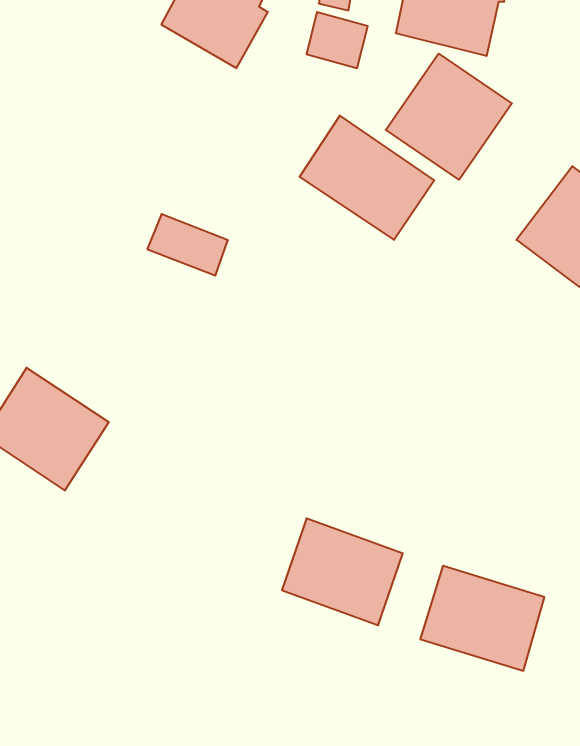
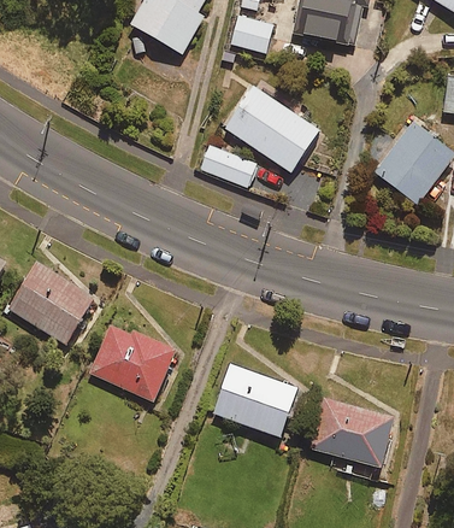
building: [386,54,512,180] -> none
building: [147,214,228,275] -> [200,146,255,188]
building: none -> [88,321,176,403]

